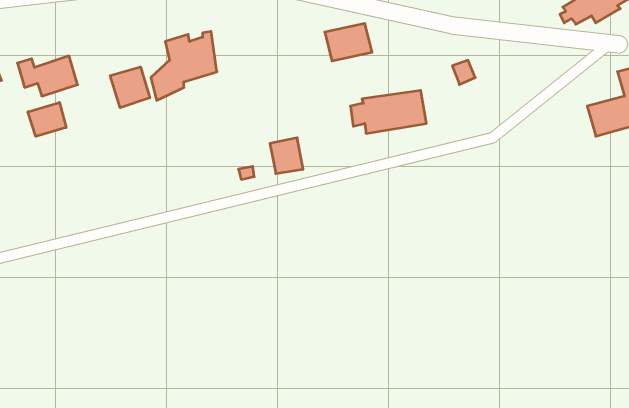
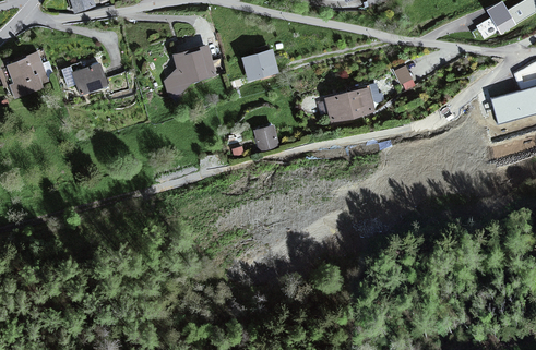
building: [325,24,372,61] -> [242,50,278,79]
building: [110,67,150,108] -> none
building: [28,102,66,136] -> none

